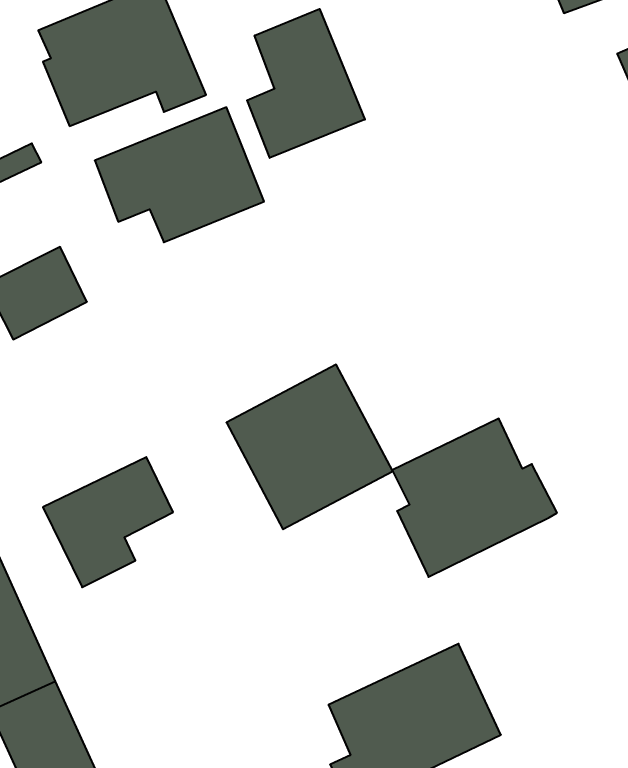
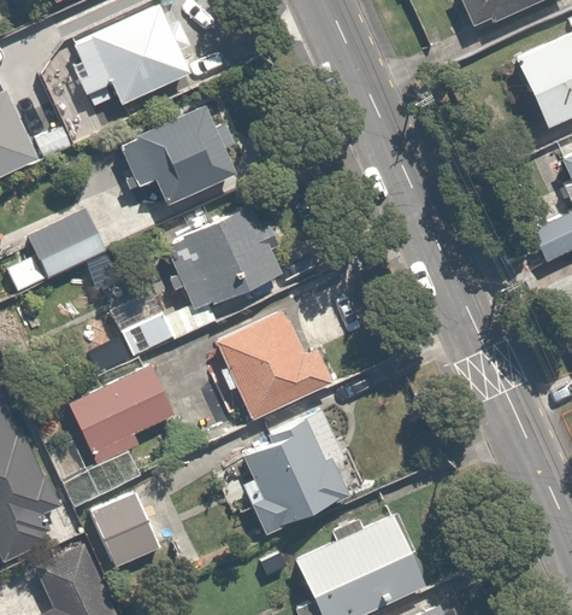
building: [247,9,365,158] -> none
building: none -> [123,203,282,358]
building: [392,419,557,577] -> [240,412,366,534]
building: none -> [88,492,163,572]

